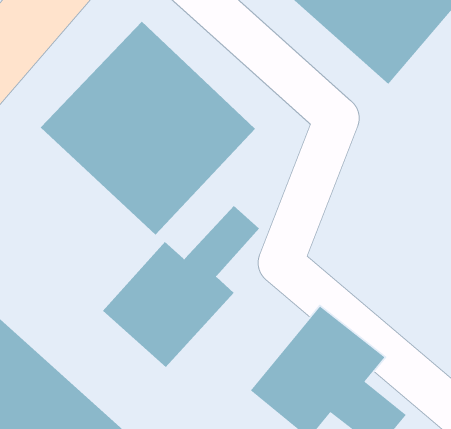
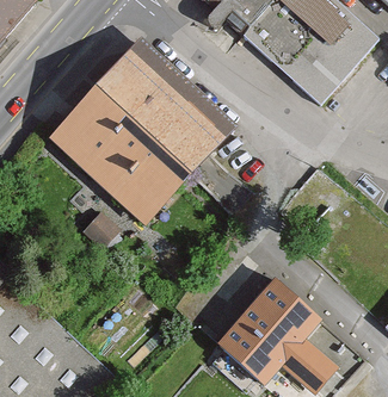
building: [102,205,260,368] -> none

